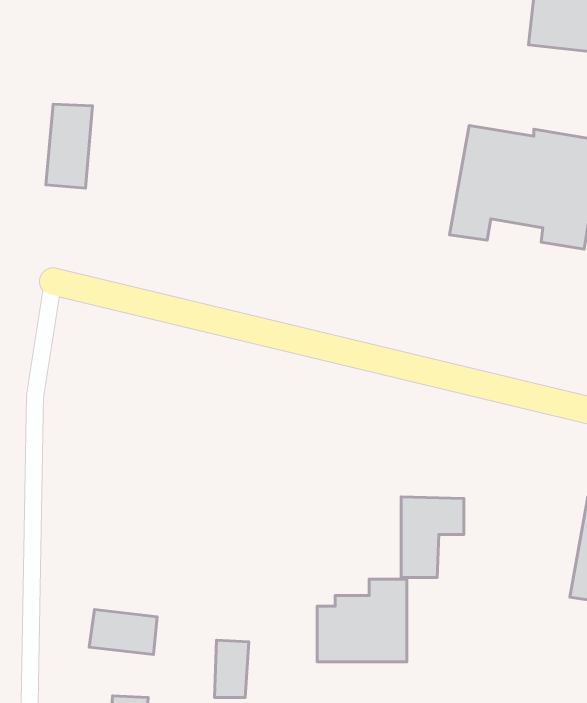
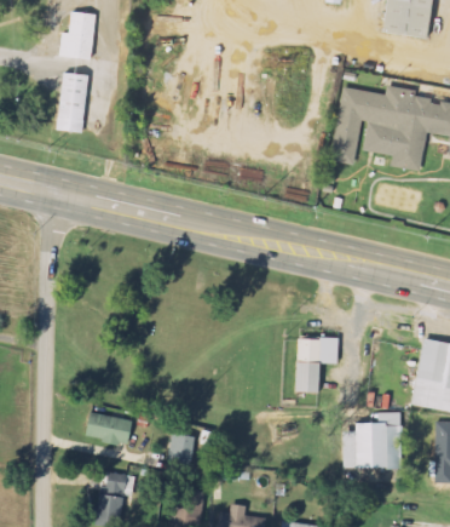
building: none -> [59,10,97,58]
building: [317,579,407,662] -> [342,412,403,468]

